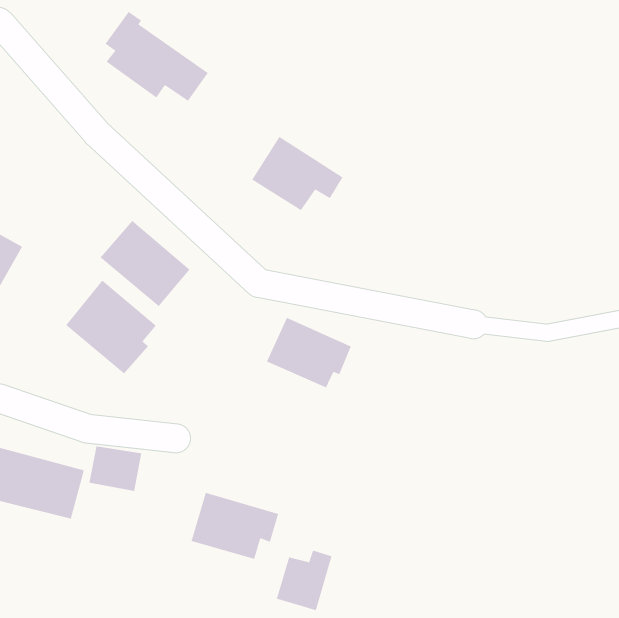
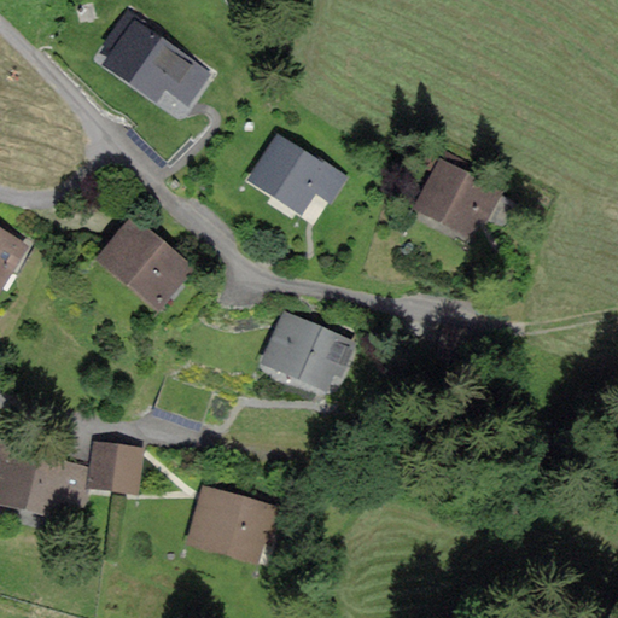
building: none -> [416,157,501,237]
building: [65,280,157,375] -> none
building: [276,550,333,611] -> none

